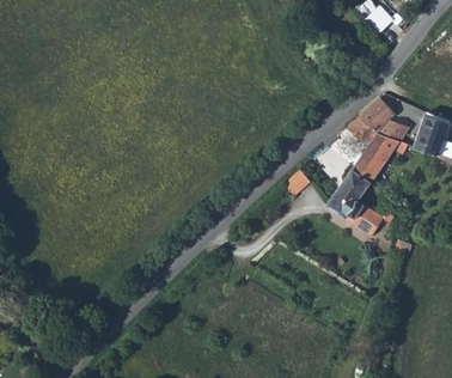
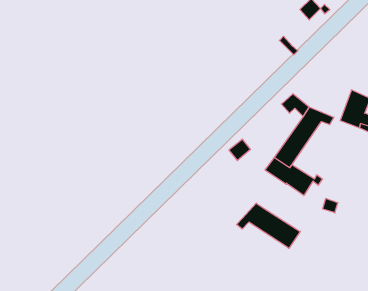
building: [358,97,409,141] -> none
building: none -> [237,203,300,248]

